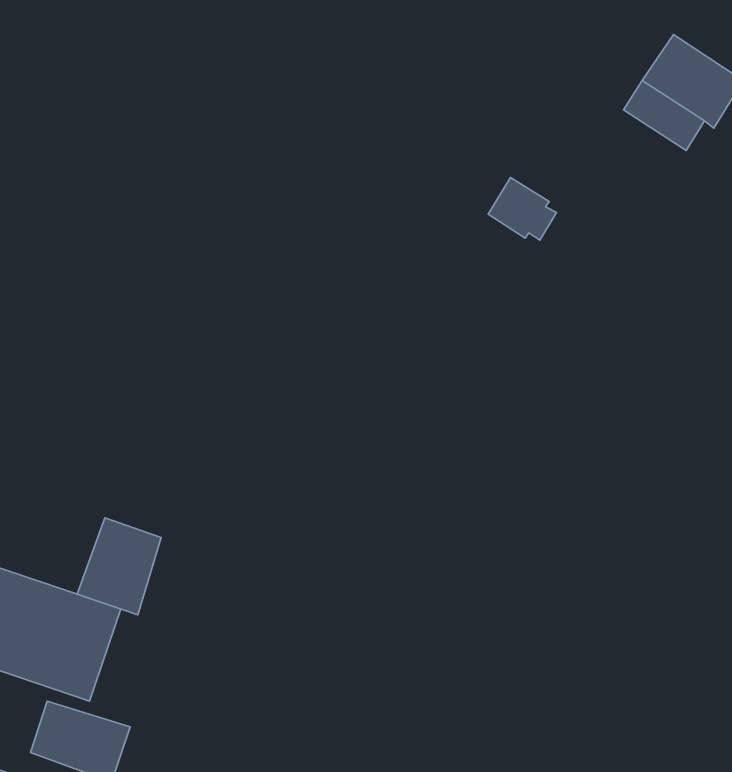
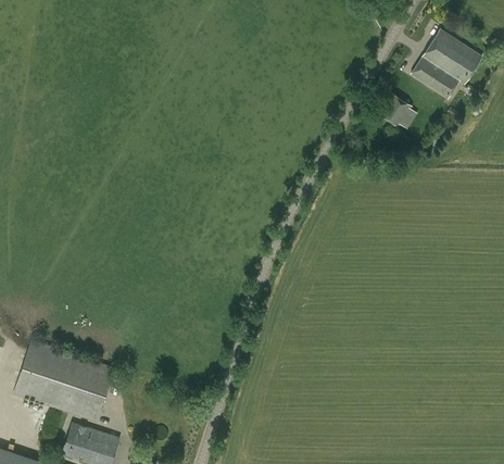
building: [488,177,556,240] -> [377,91,417,128]
building: [77,518,161,615] -> none

